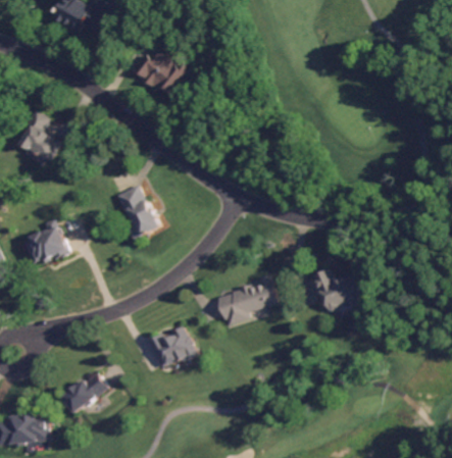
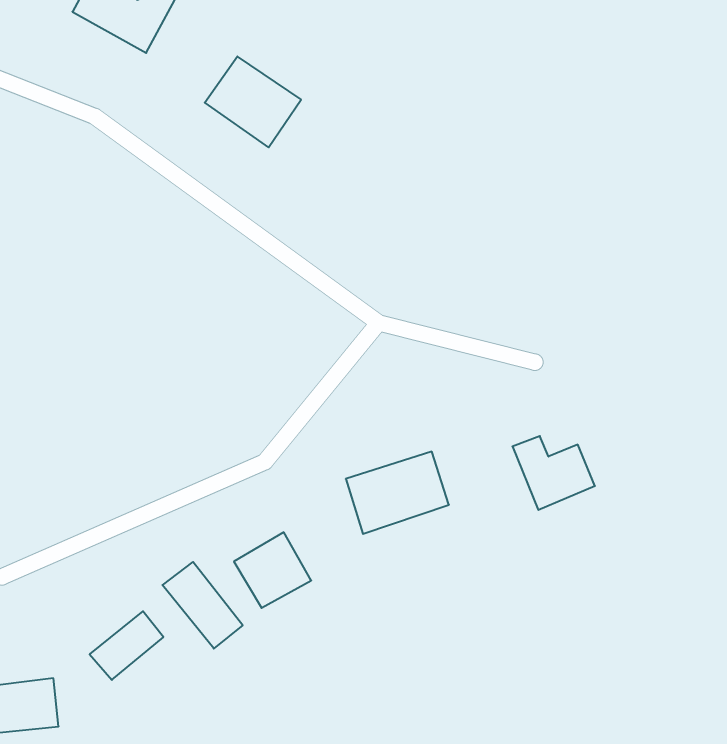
building: [21,111,61,162] -> none
building: [115,186,157,240] -> none
building: [22,219,68,268] -> none
building: none -> [162,562,243,649]

